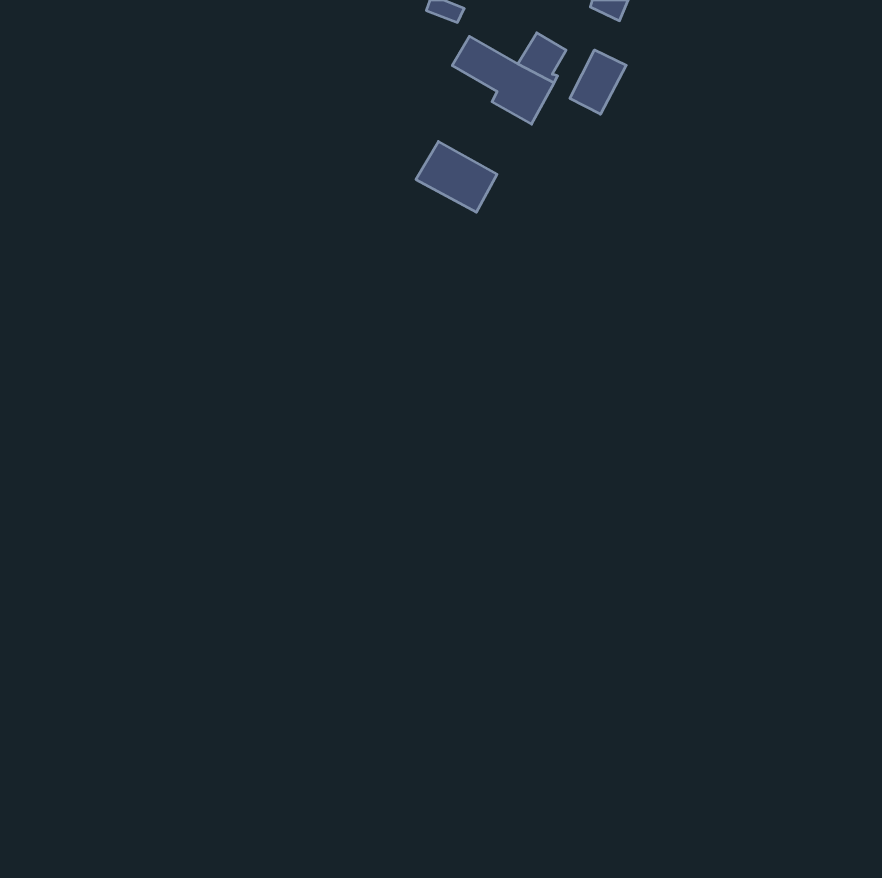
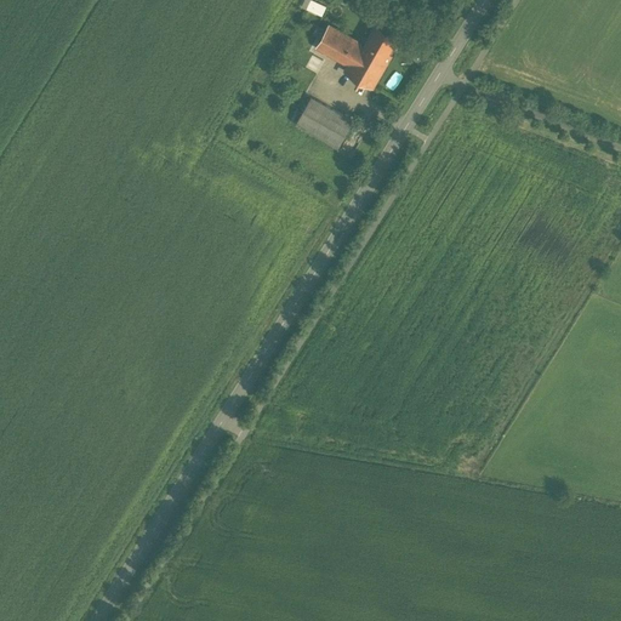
building: [570,50,626,114] -> none

